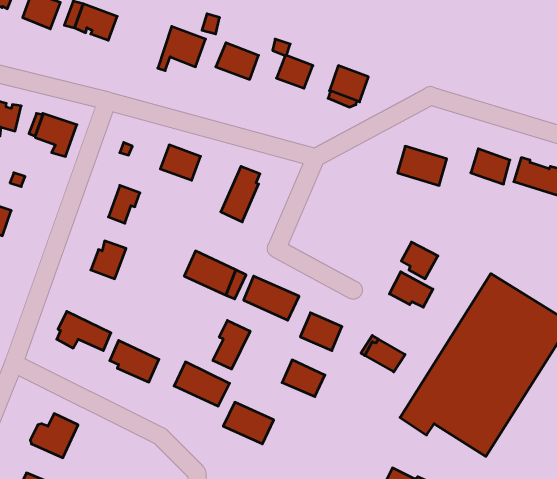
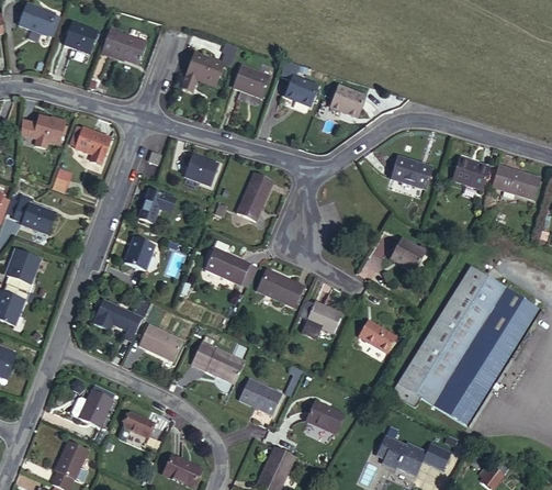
building: [389,272,433,307] -> none
building: [213,320,250,369] -> none
building: [282,360,325,397] -> [306,400,343,432]
building: none -> [124,411,155,437]

